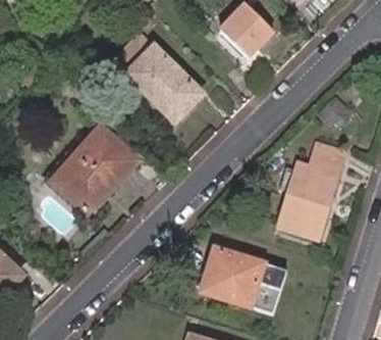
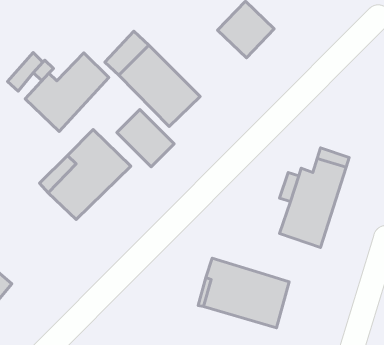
building: none -> [25,53,109,132]
building: none -> [117,109,174,167]

